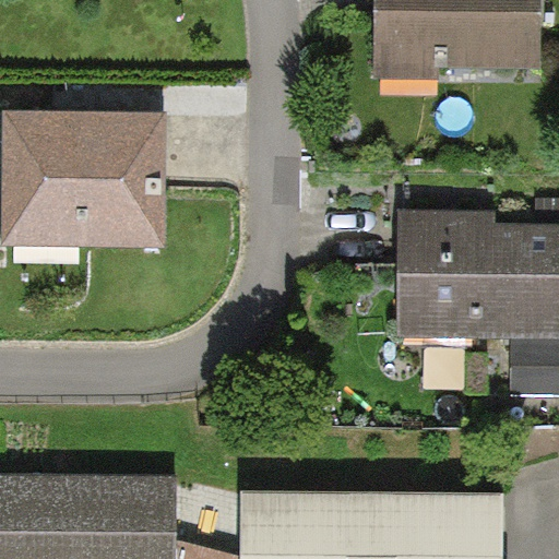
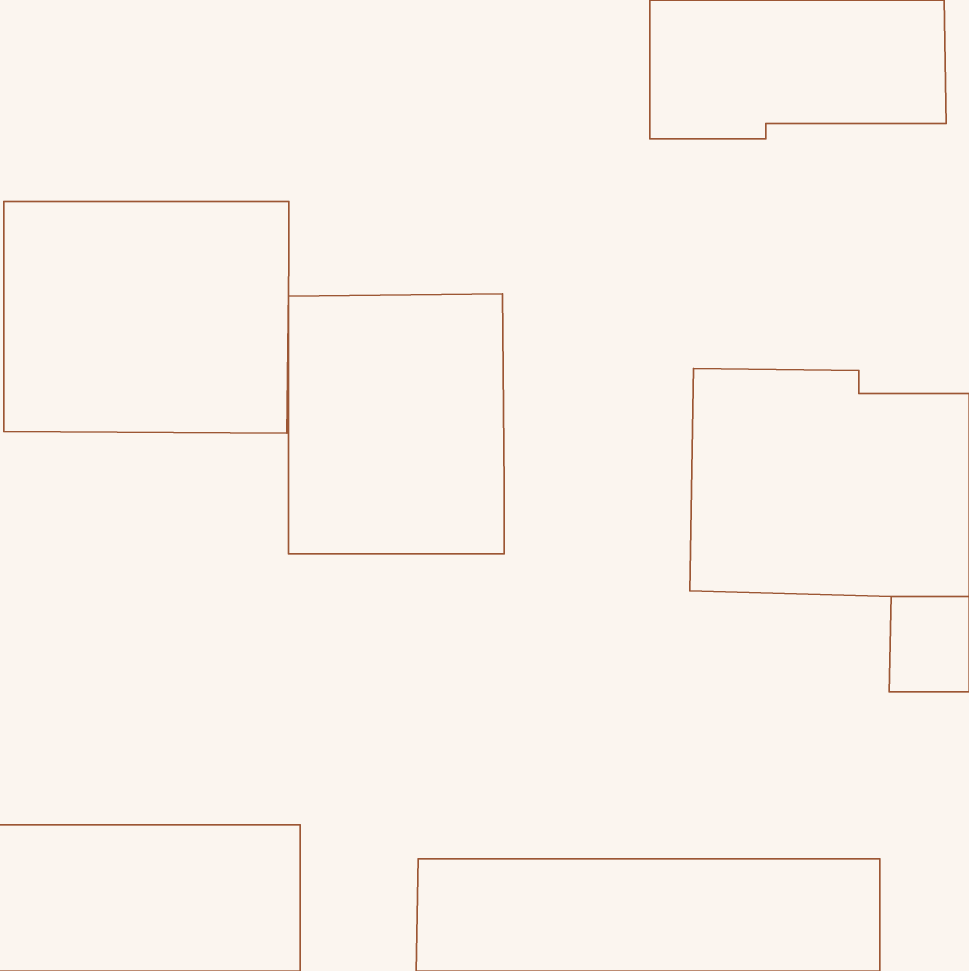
building: none -> [288,294,504,554]

